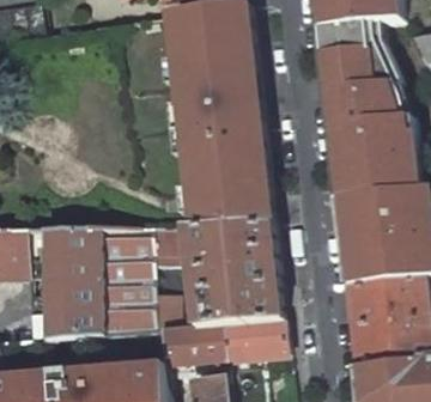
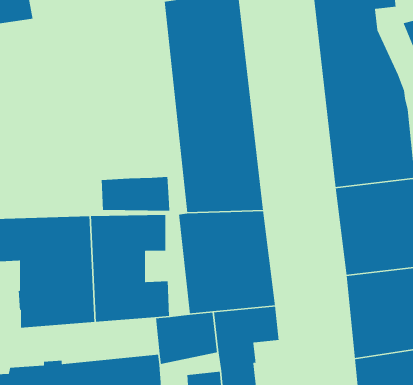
building: none -> [101,176,170,212]

